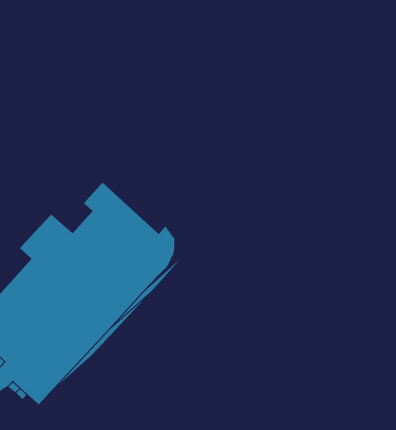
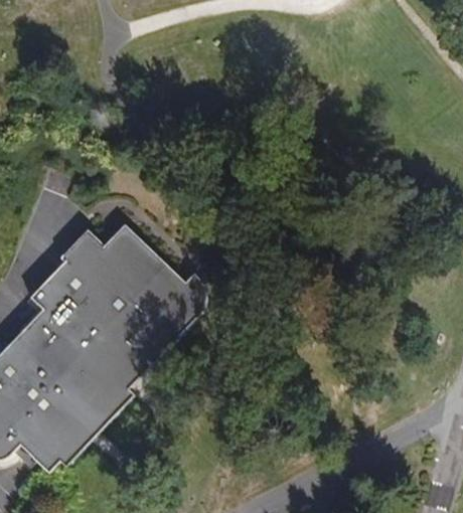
building: none -> [64,231,111,278]

